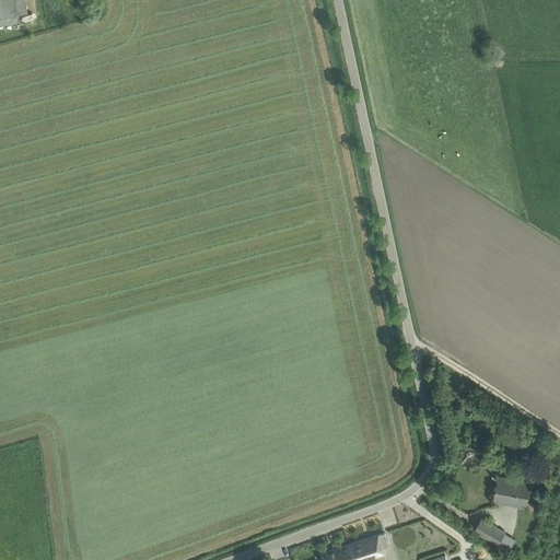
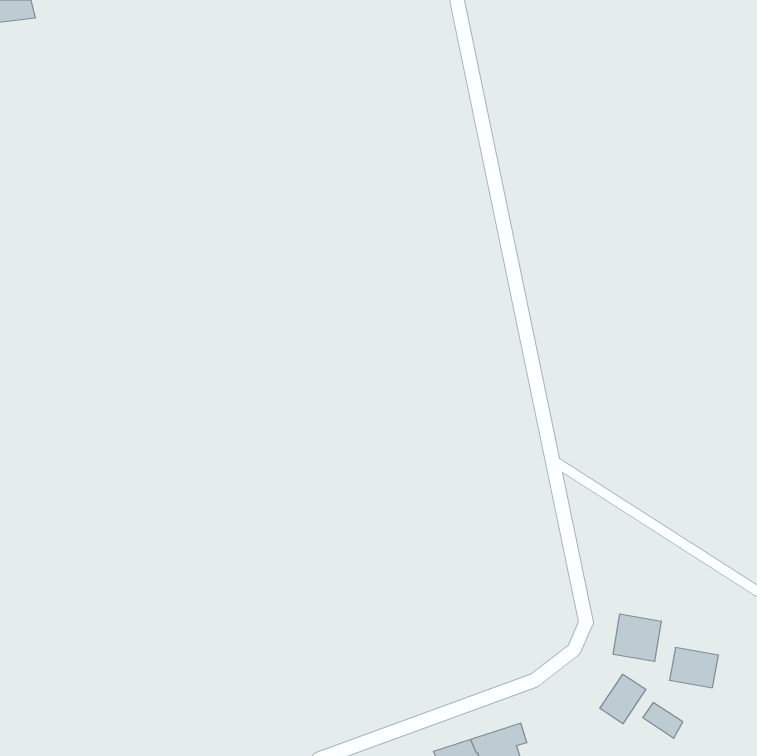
building: none -> [613,614,661,662]
building: none -> [600,674,646,724]

